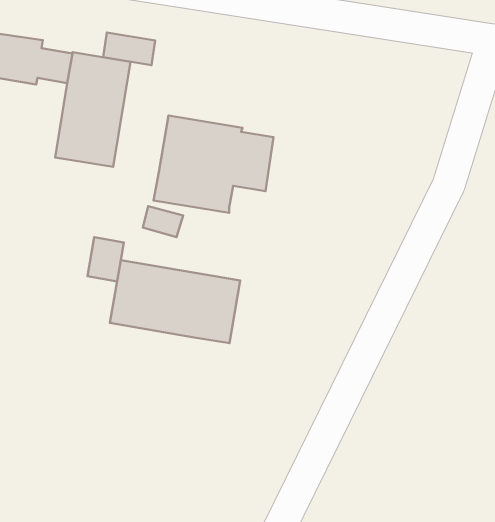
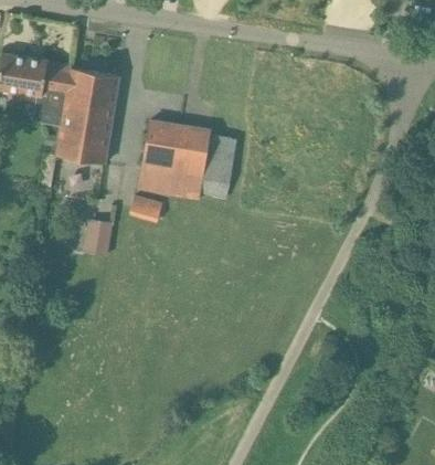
building: [103,33,155,65] -> none
building: [110,260,240,343] -> none

